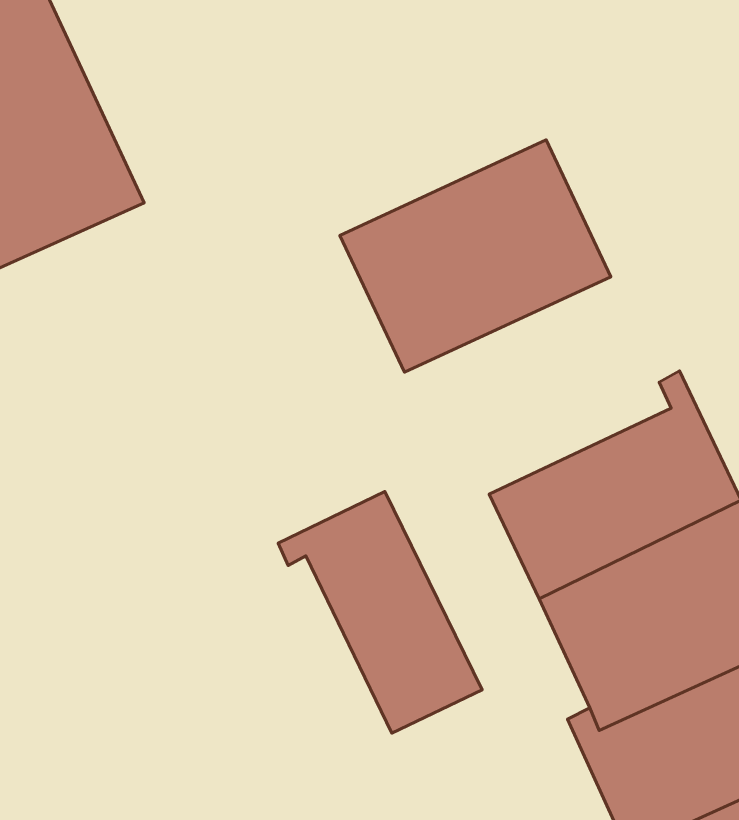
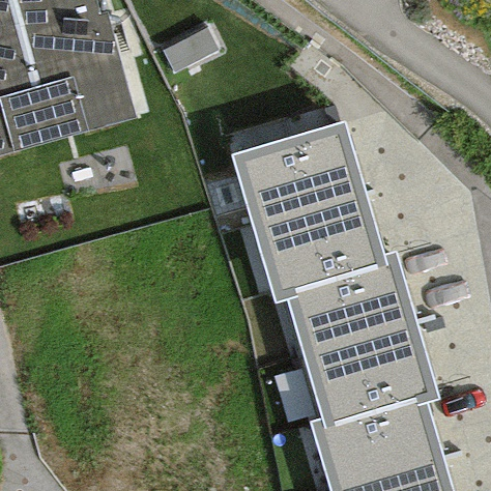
building: none -> [252,195,386,300]
building: [278,491,482,733] -> none

